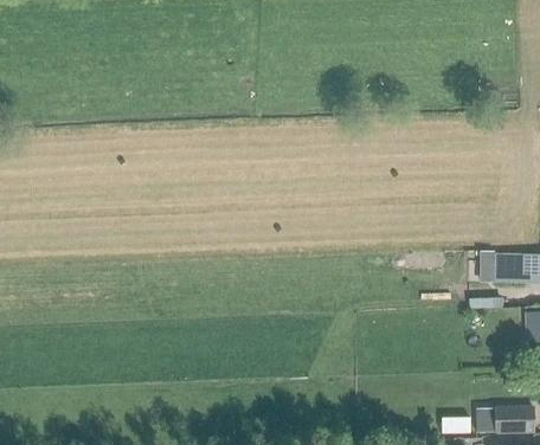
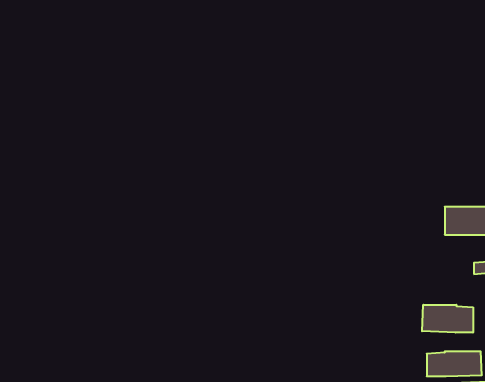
building: none -> [422,305,473,333]

